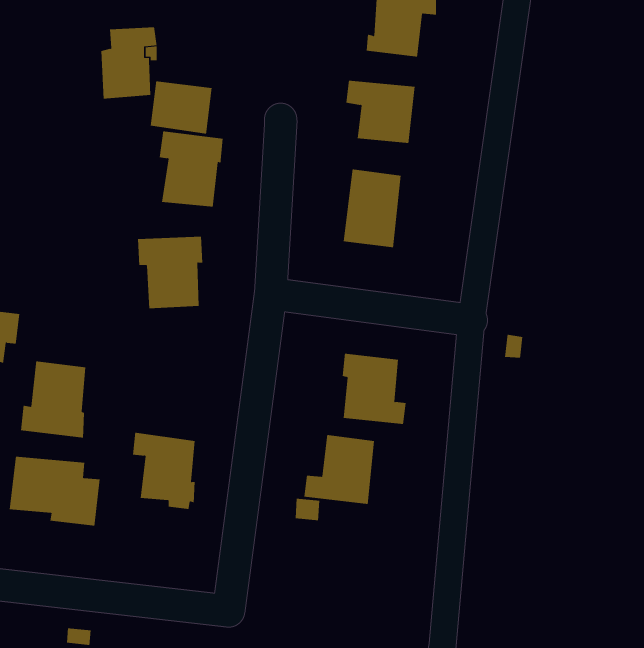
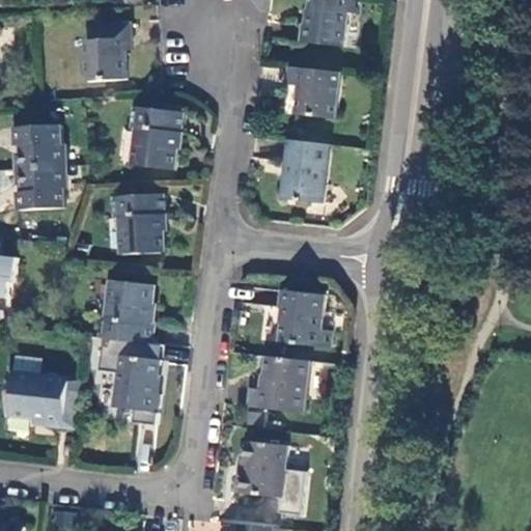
building: [150,80,212,135] -> none
building: none -> [10,124,63,208]
building: [20,361,86,438] -> [99,279,152,342]
building: none -> [239,441,303,509]

